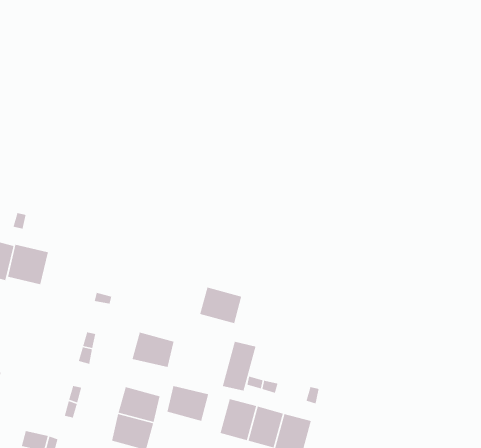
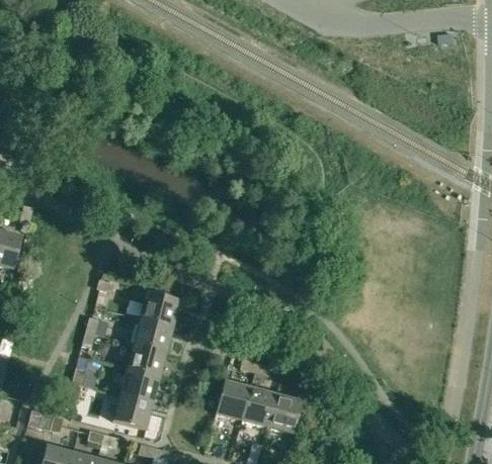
building: [7,244,49,285] -> none
building: [199,287,242,324] -> [139,290,179,326]
building: [222,341,257,392] -> none
building: [166,385,209,422] -> [126,343,166,377]

